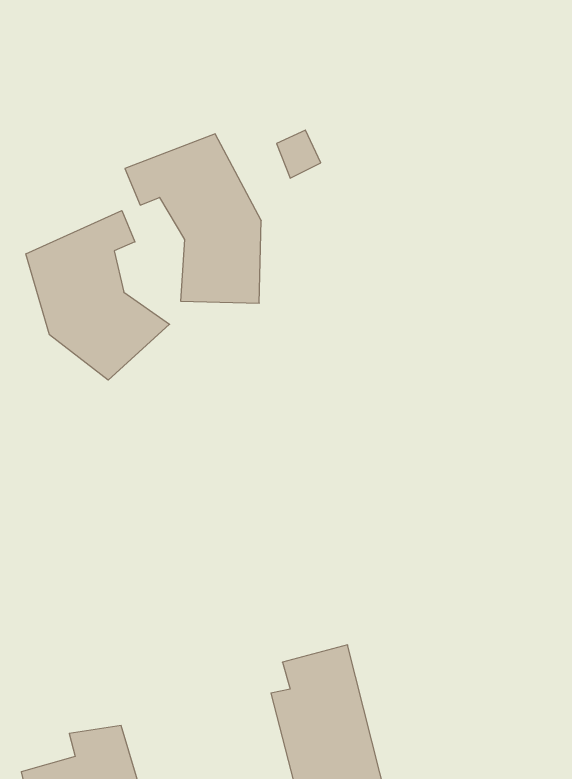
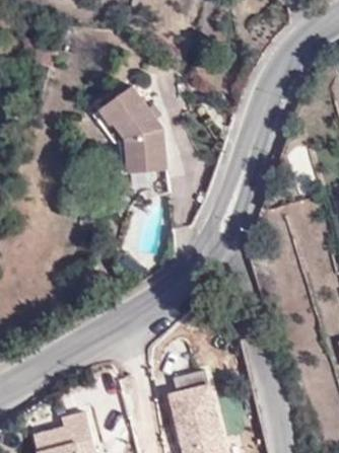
building: [26,211,170,380] -> none

